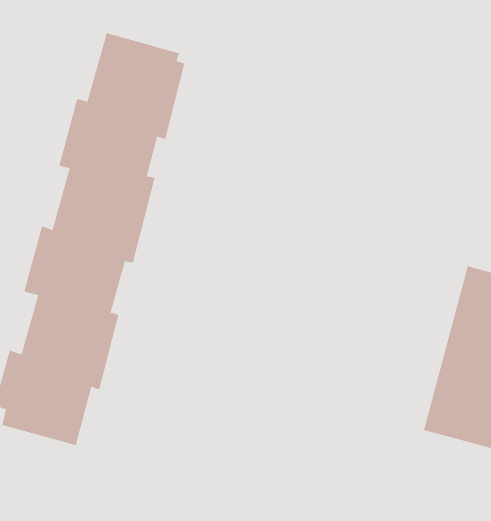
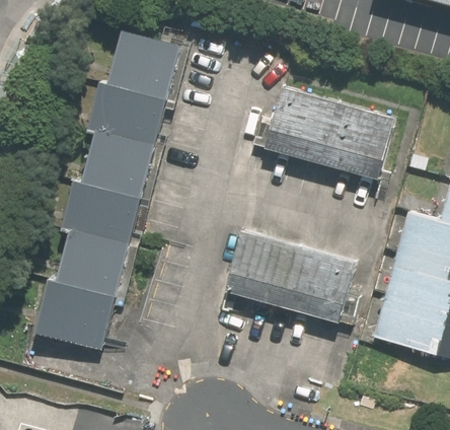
building: none -> [261,85,396,178]
building: none -> [225,230,358,325]

